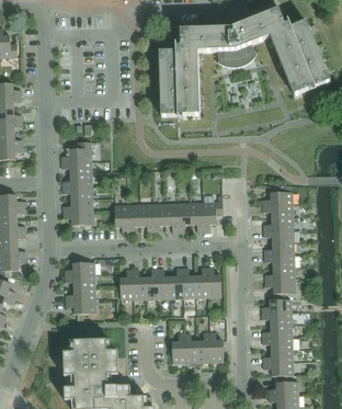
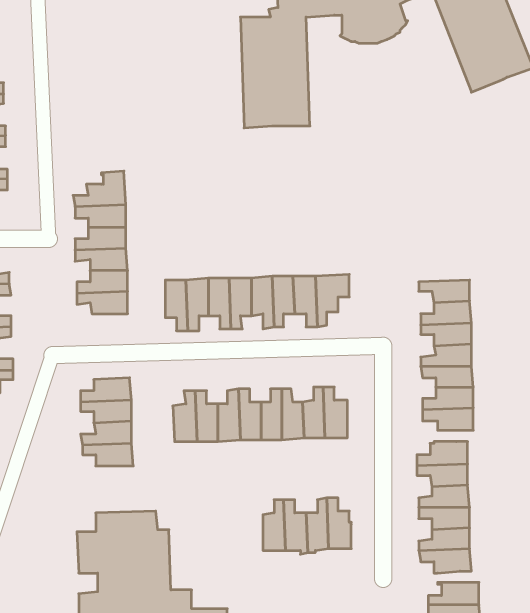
building: [263,185,293,206] -> none

